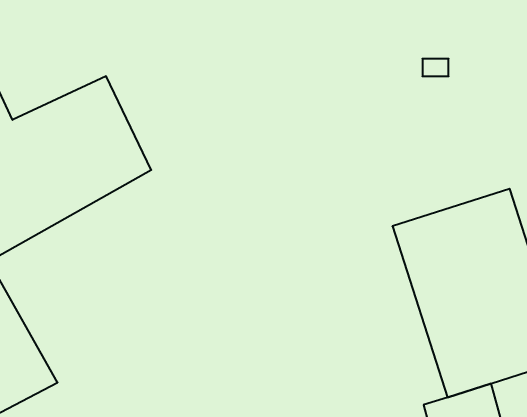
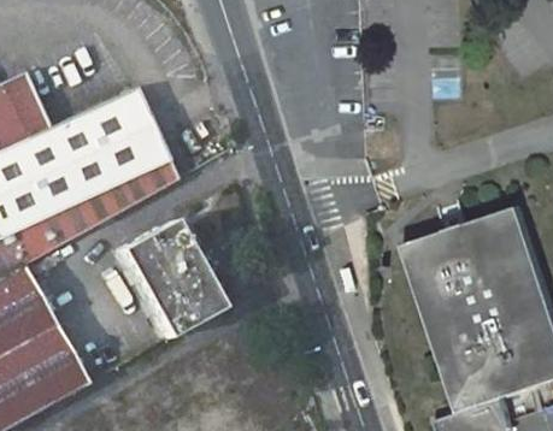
building: none -> [111,225,214,343]

